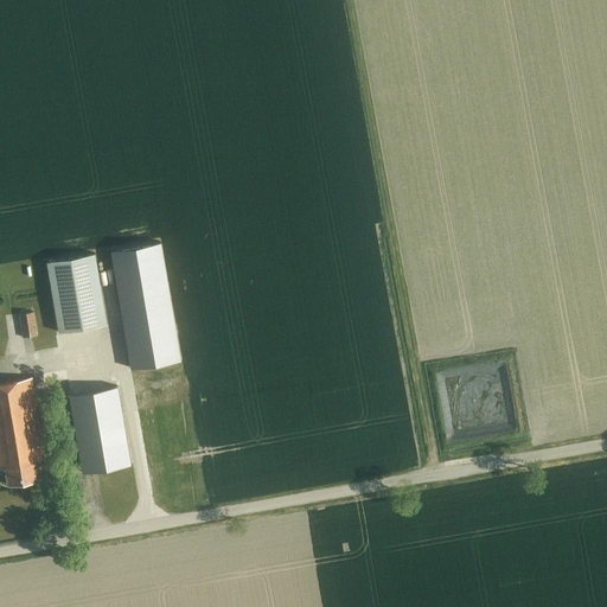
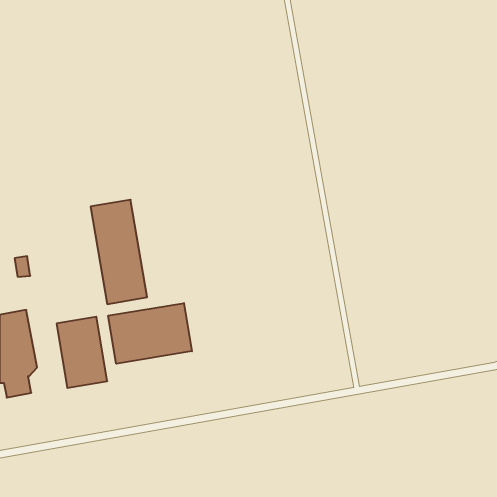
building: [45,255,107,334] -> none
building: none -> [108,303,192,364]

